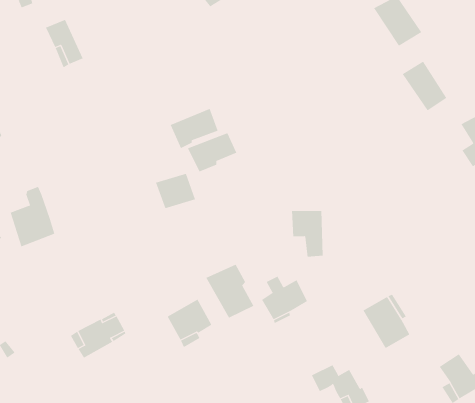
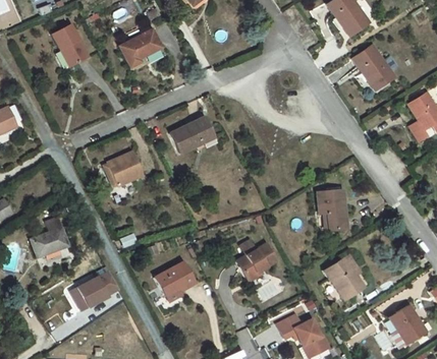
building: [170,108,219,149] -> [119,33,161,67]
building: [155,173,196,209] -> [106,147,141,178]
building: [10,186,55,247] -> [35,216,73,267]
building: [291,210,323,257] -> [315,192,342,232]
building: [206,264,254,319] -> none

